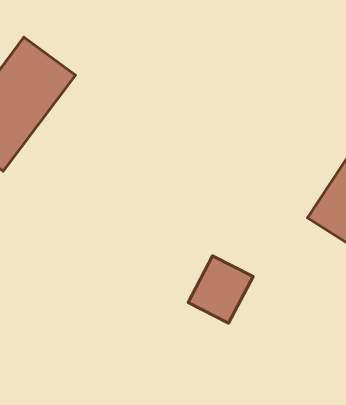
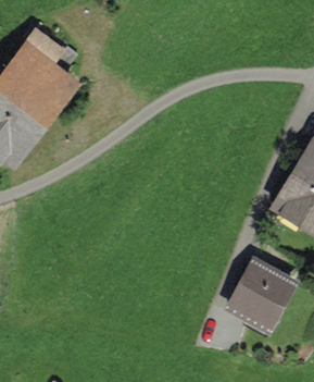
building: [188,256,253,323] -> [233,268,290,328]

